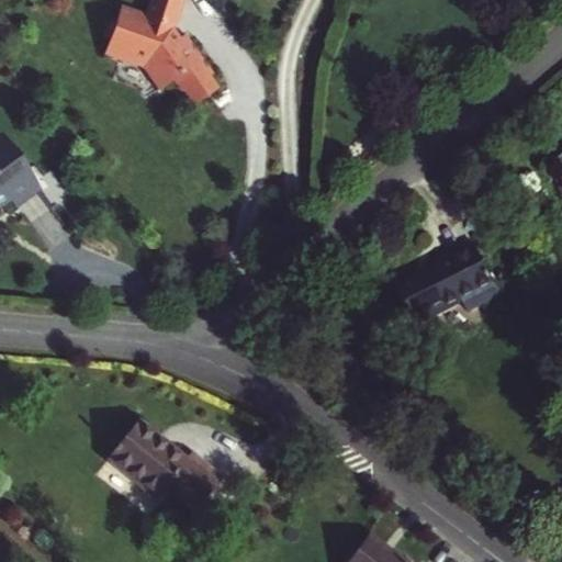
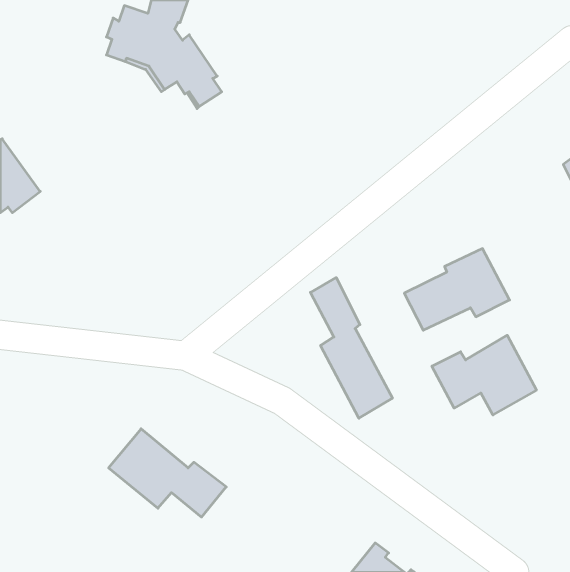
building: none -> [310,278,392,418]
building: none -> [432,335,536,415]

